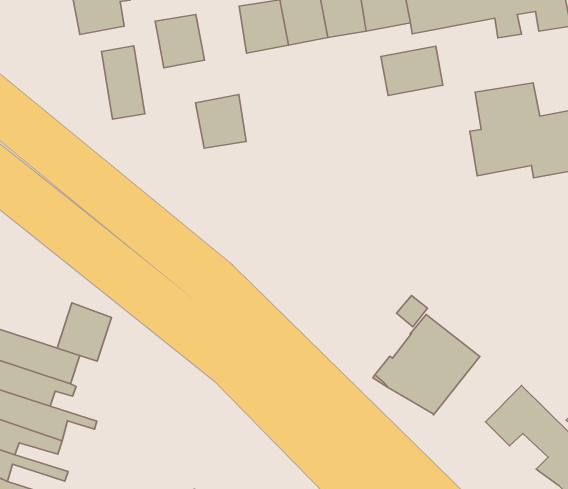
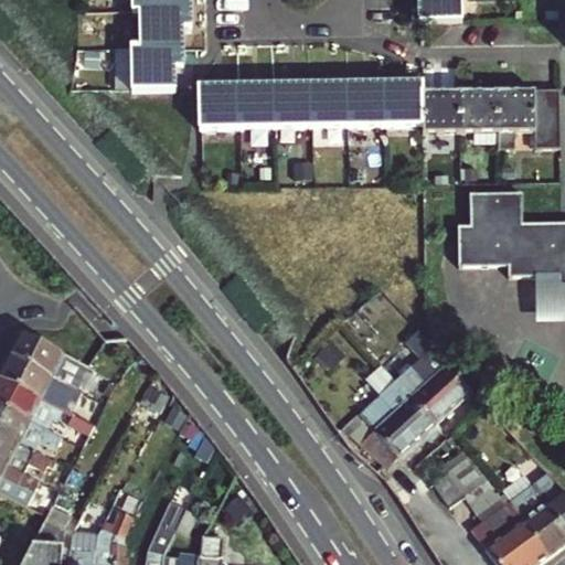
building: [101,46,145,119] -> none
building: [381,46,443,95] -> none
building: [196,95,246,148] -> [237,84,276,126]
building: none -> [395,333,473,423]
building: [57,303,111,361] -> none

